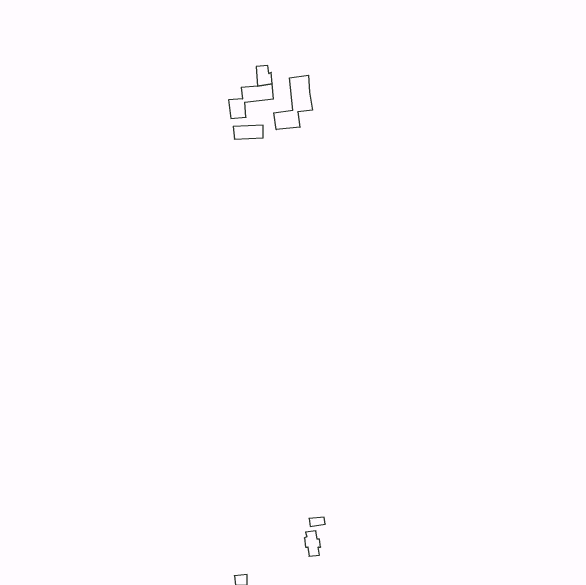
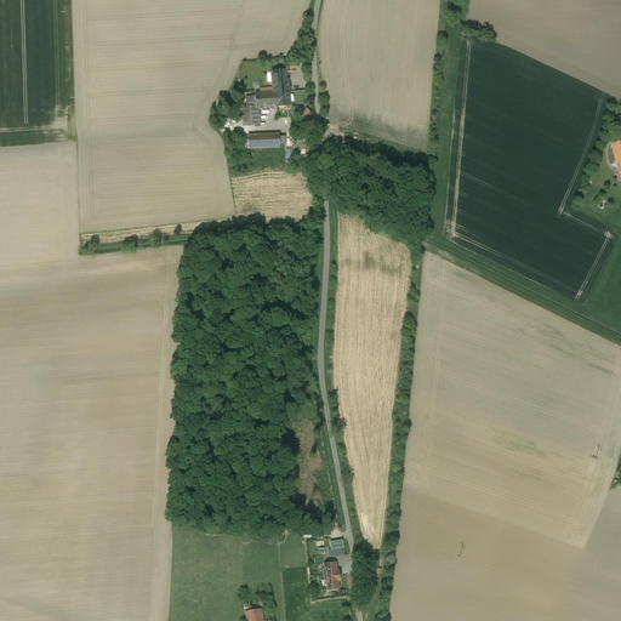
building: [274,75,312,130] -> none

